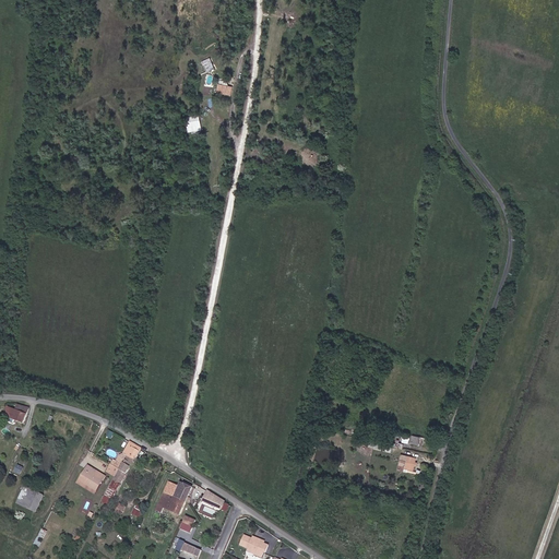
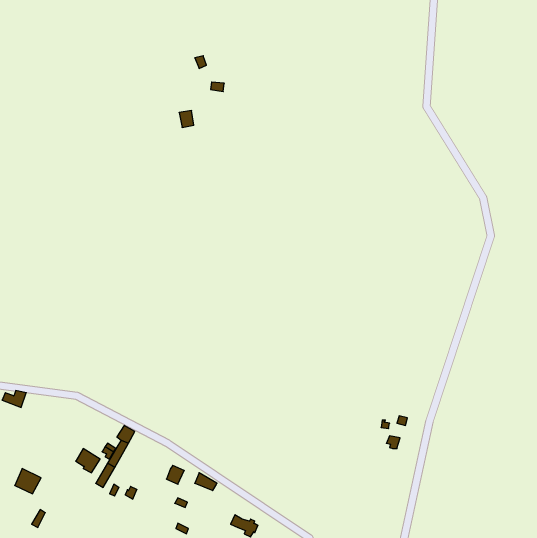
building: [154,481,185,514] -> none

